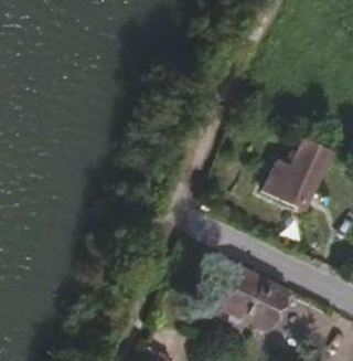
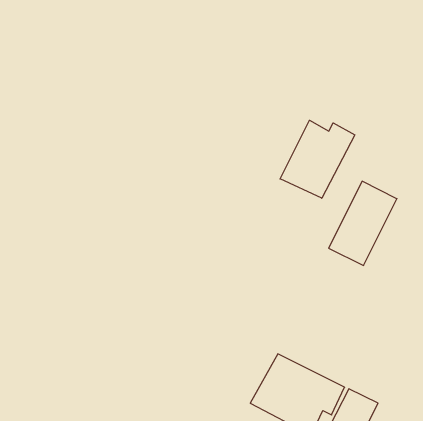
building: none -> [280,120,355,198]

